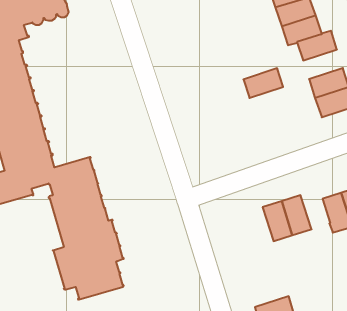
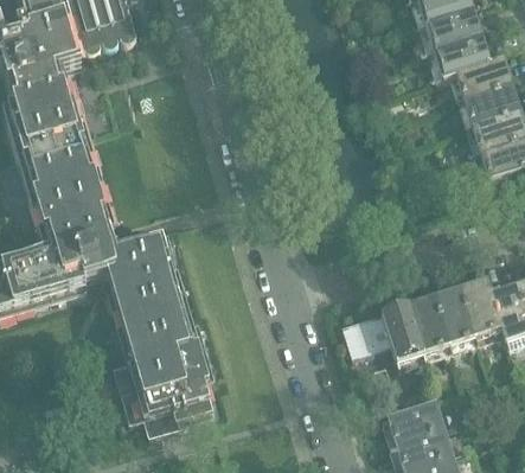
building: [243,68,283,98] -> [462,82,518,123]
building: none -> [459,276,500,333]
building: none -> [339,302,421,358]
building: none -> [385,401,442,442]

